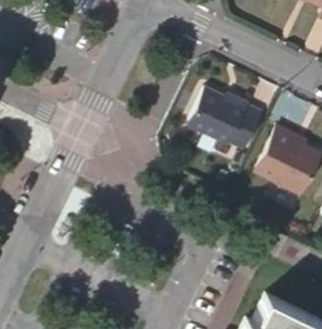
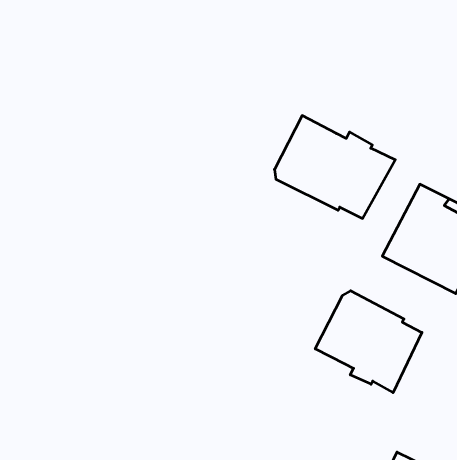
building: none -> [315,291,422,393]

